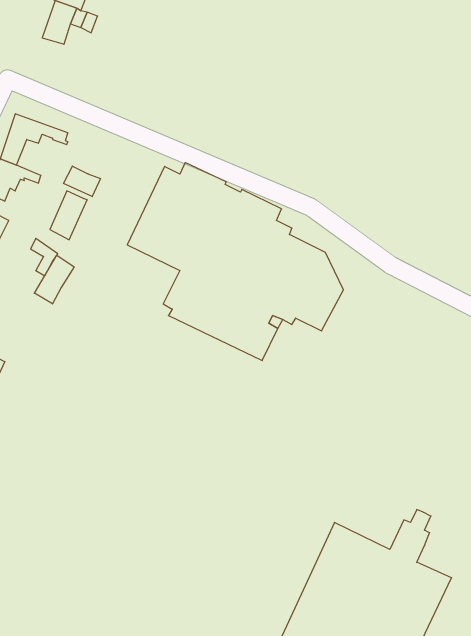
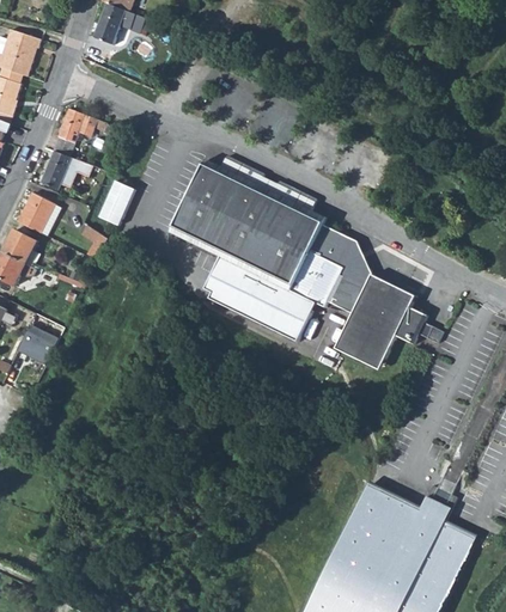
building: [64,166,100,197] -> none
building: [34,255,74,304] -> none
building: none -> [334,273,432,367]

